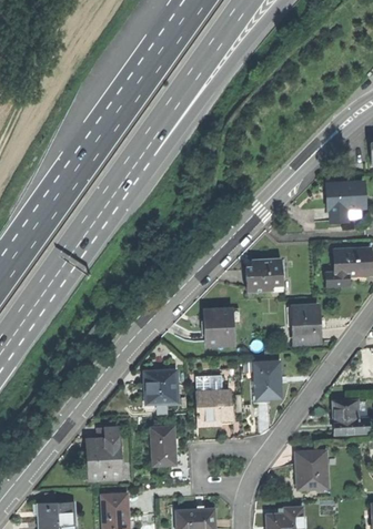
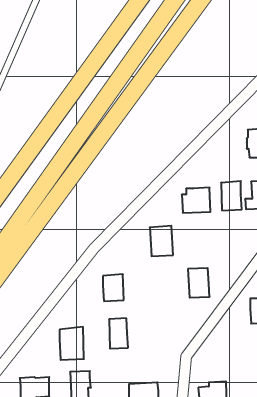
building: [292,305,319,343] -> [221,181,242,210]
building: [195,374,231,420] -> none
building: [296,450,327,489] -> none

